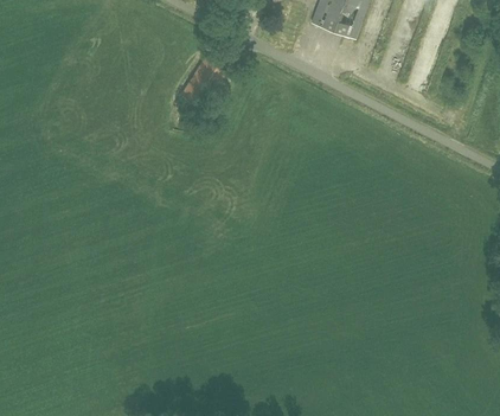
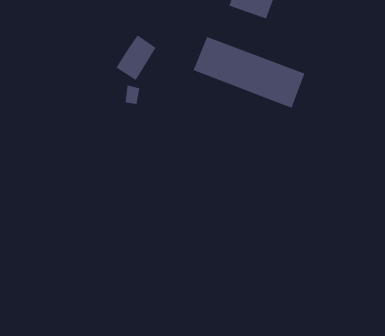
building: none -> [193,36,305,108]

